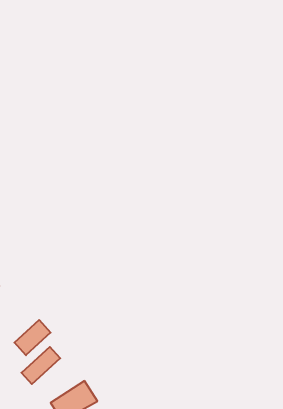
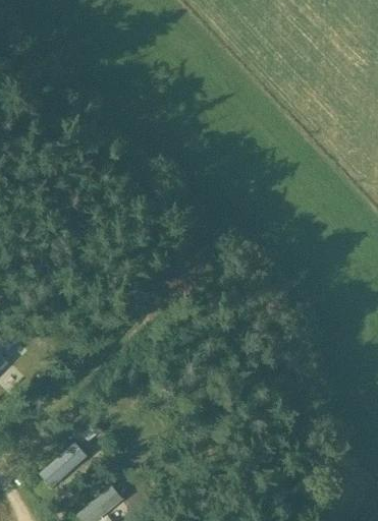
building: [14,320,51,355] -> none

